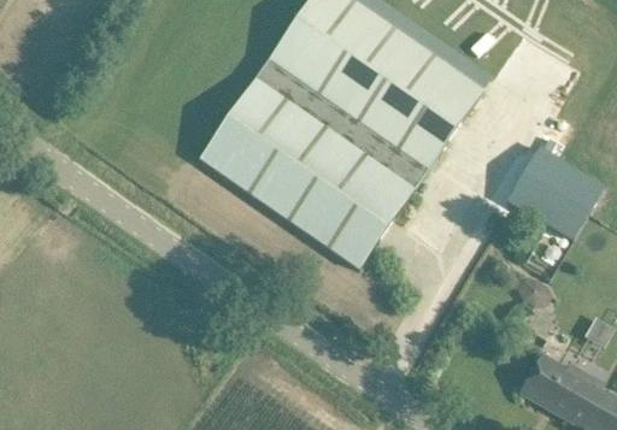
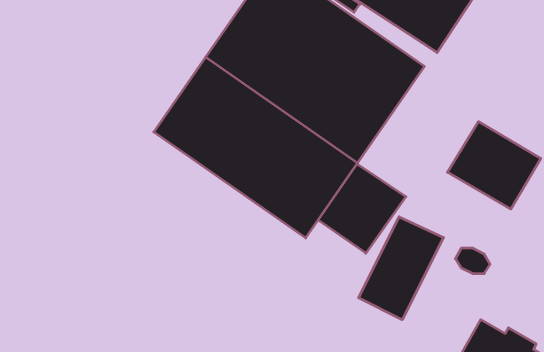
building: none -> [318,164,406,253]
building: none -> [359,217,444,320]

